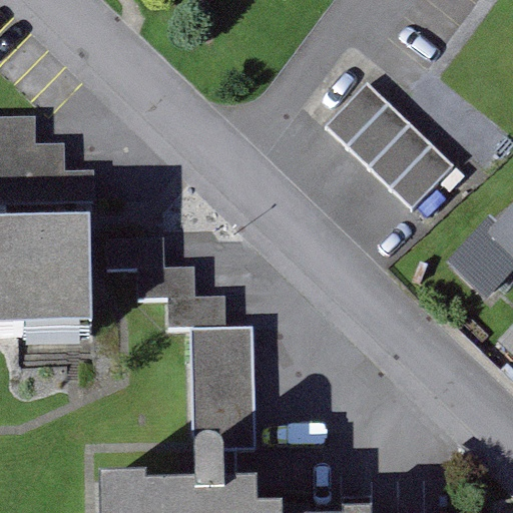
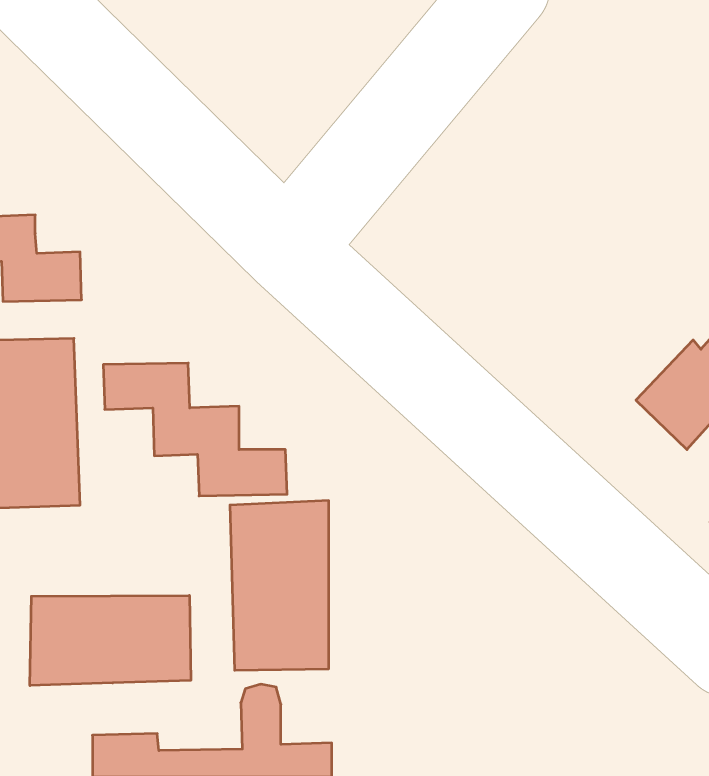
building: [327,82,453,207] -> none
building: none -> [30,595,191,686]

